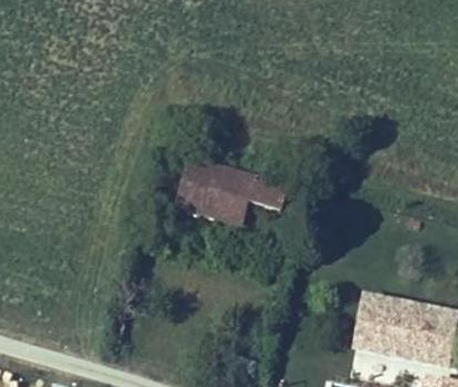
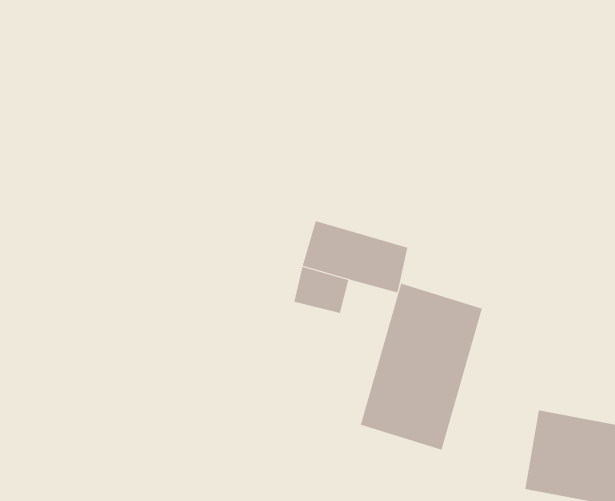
building: [179,163,224,204] -> none
building: none -> [360,283,482,450]

